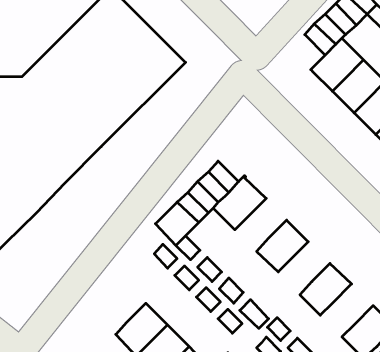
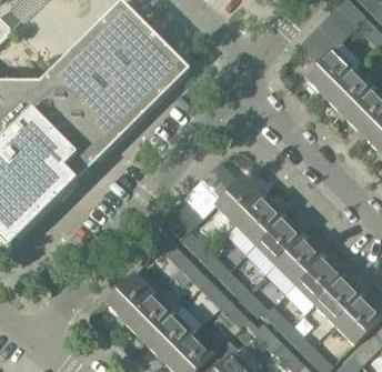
building: none -> [235,197,283,245]
building: none -> [275,237,323,285]
building: none -> [105,273,153,322]
building: none -> [314,275,363,324]

